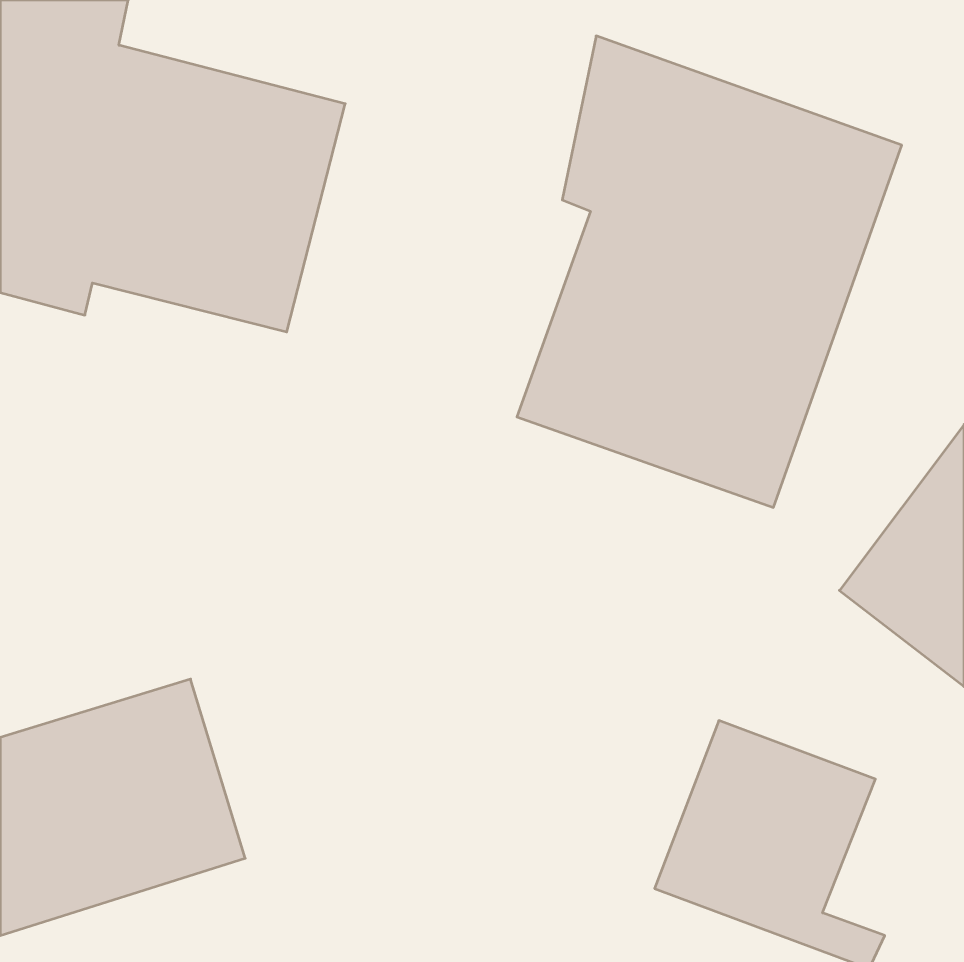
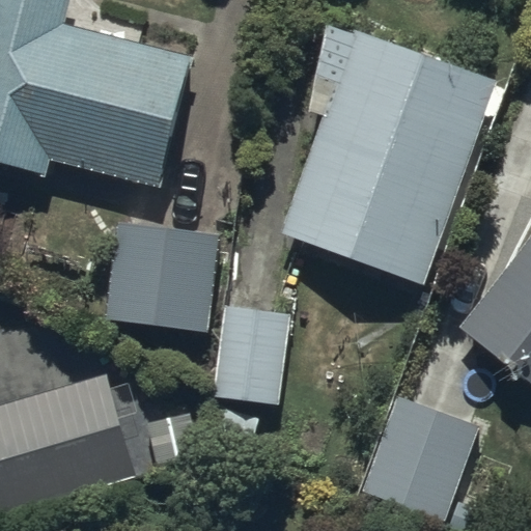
building: none -> [109,223,216,329]
building: none -> [215,306,288,406]

